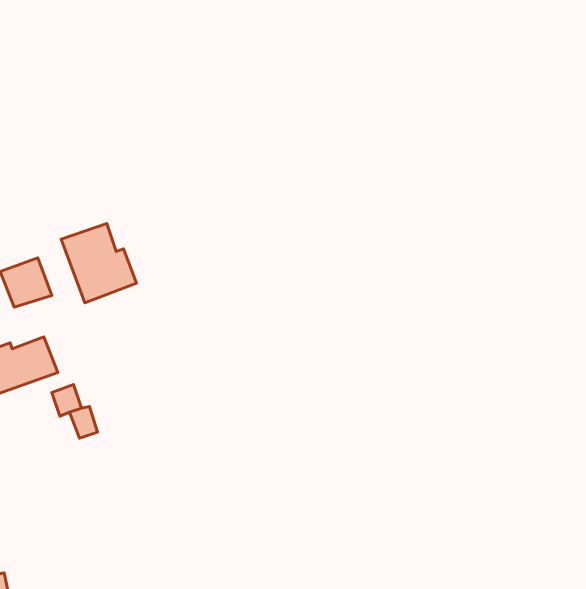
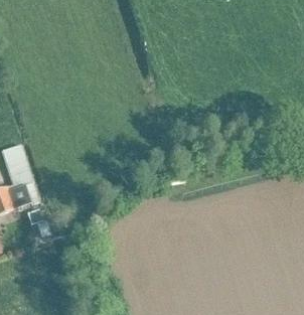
building: [61,223,136,303] -> none

